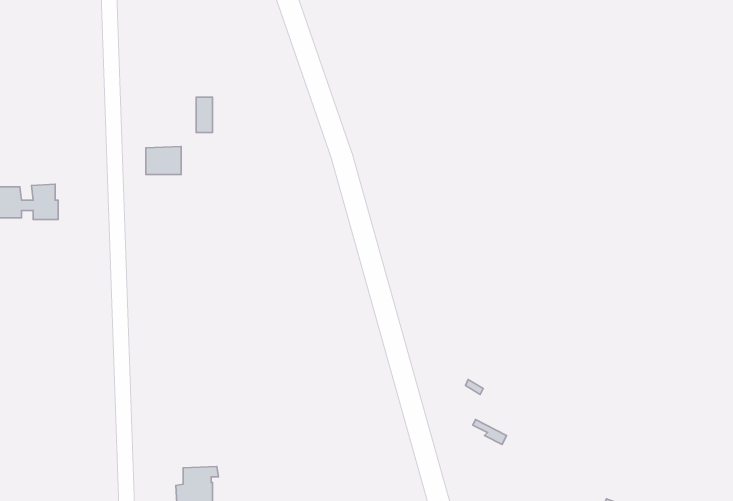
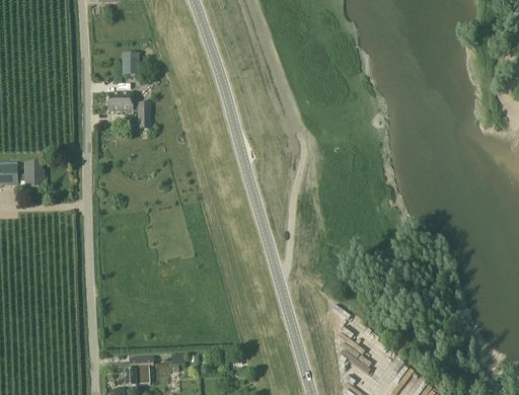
building: none -> [122,53,138,77]
building: [146,146,181,174] -> [107,91,132,110]

